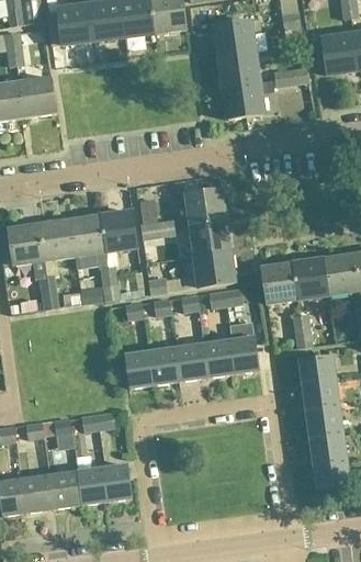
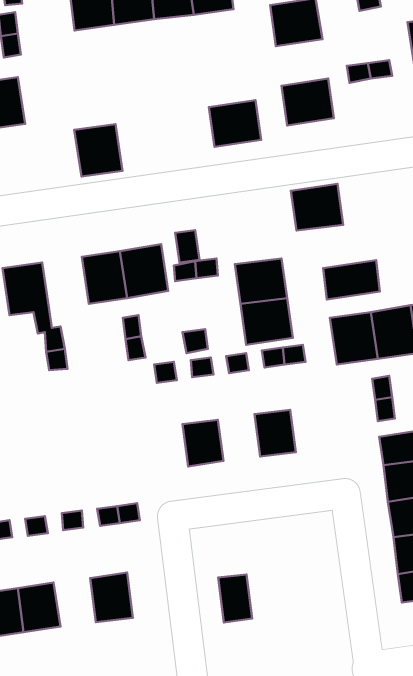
building: [218,50,259,87] -> [209,100,261,147]
building: [19,76,56,116] -> [74,124,123,177]
building: [182,189,223,225] -> [291,184,343,231]
building: [37,220,74,260] -> none
building: none -> [323,260,380,300]
building: [228,321,257,371] -> none
building: [173,341,206,378] -> none
building: [123,349,150,385] -> none
building: [103,462,129,499] -> [218,575,252,623]
building: [46,469,79,506] -> none

